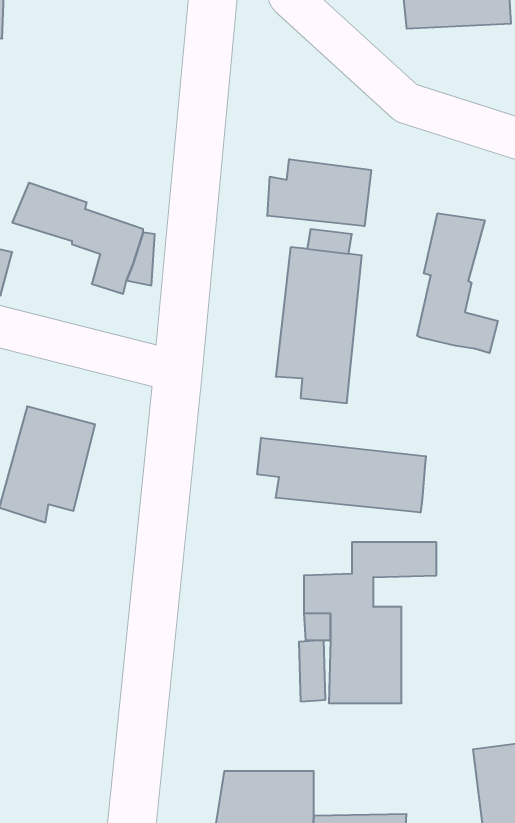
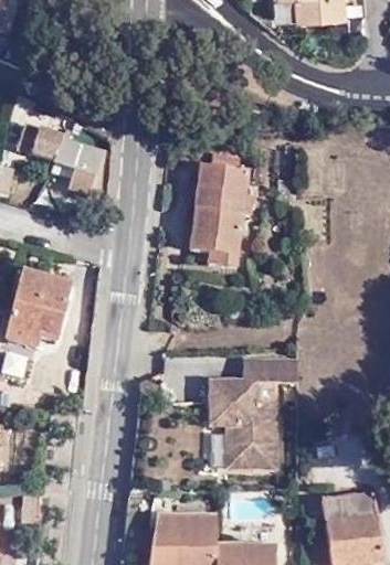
building: [267,159,371,226] -> none
building: [417,213,498,353] -> none
building: [257,438,426,513] -> none

